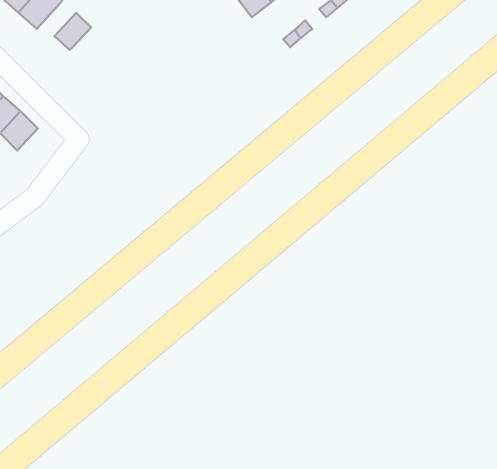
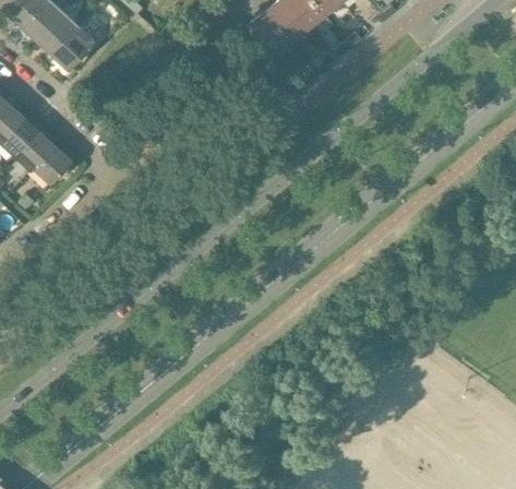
building: [55,13,91,50] -> none

